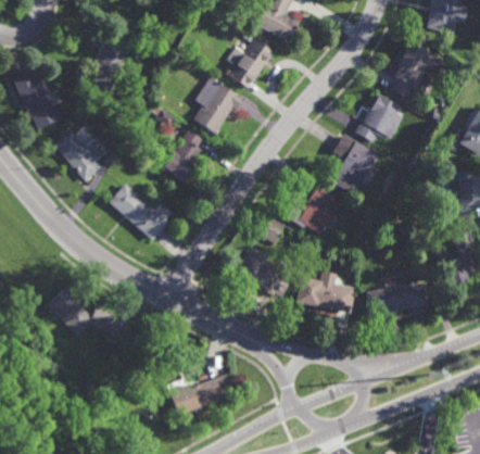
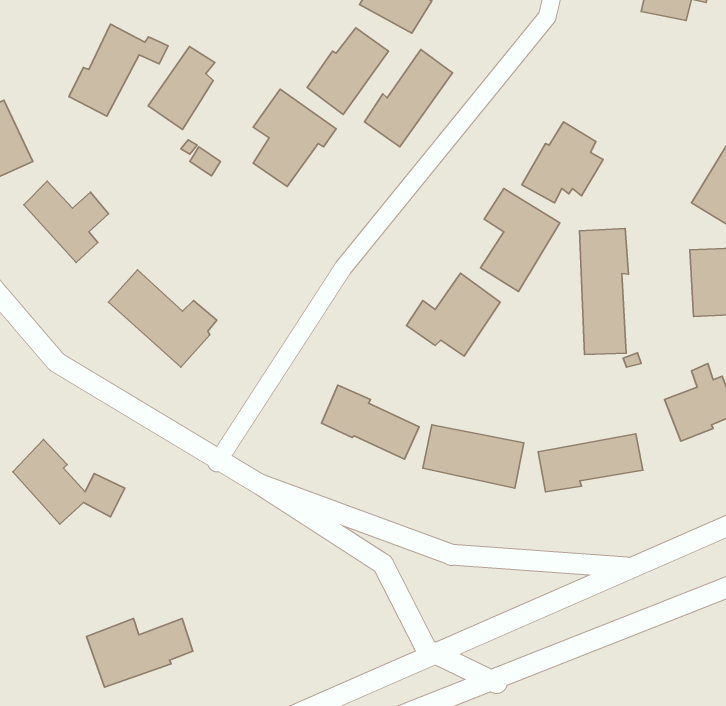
building: [390,43,443,98] -> none
building: none -> [364,49,453,147]
building: [163,129,203,179] -> [148,46,215,129]
building: none -> [579,229,628,354]
building: [256,215,285,242] -> none
building: [169,374,233,415] -> [86,619,193,687]

